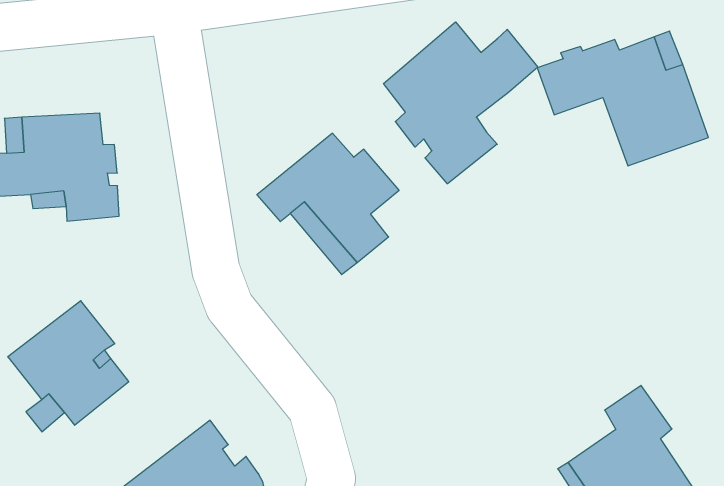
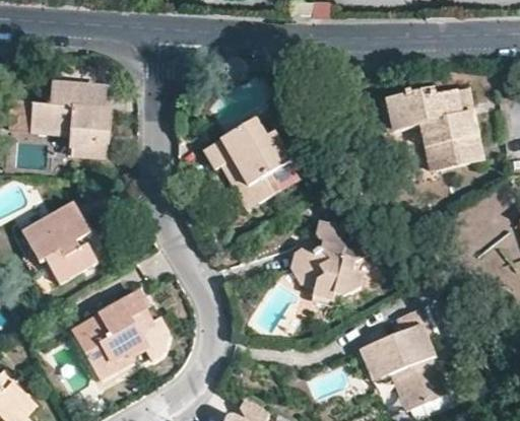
building: [384,22,538,184] -> none
building: none -> [287,215,367,305]

